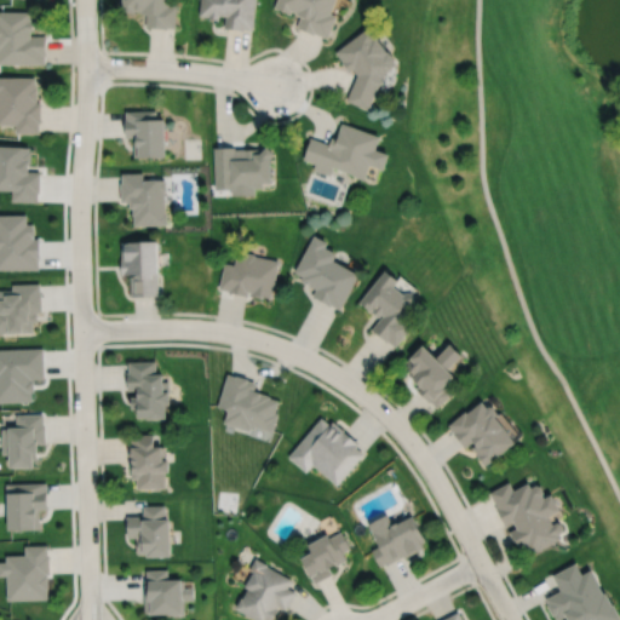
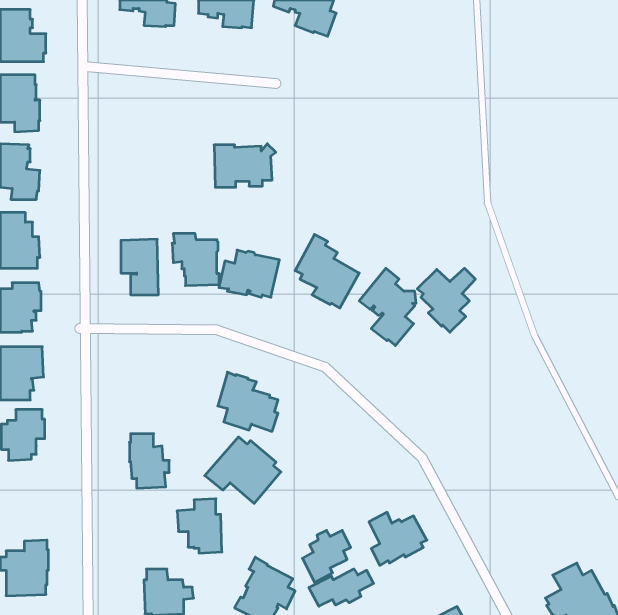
building: [334,27,397,110] -> none
building: [126,111,166,159] -> none
building: [303,124,391,180] -> none
building: [120,174,167,226] -> [172,234,219,286]
building: [406,346,464,411] -> [417,268,475,332]
building: [127,363,170,421] -> none
building: [450,403,518,467] -> none
building: [288,420,364,487] -> [205,437,281,503]
building: [5,482,46,529] -> none
building: [489,484,564,557] -> none
building: [126,507,171,562] -> [177,499,222,553]
building: none -> [309,569,374,606]

